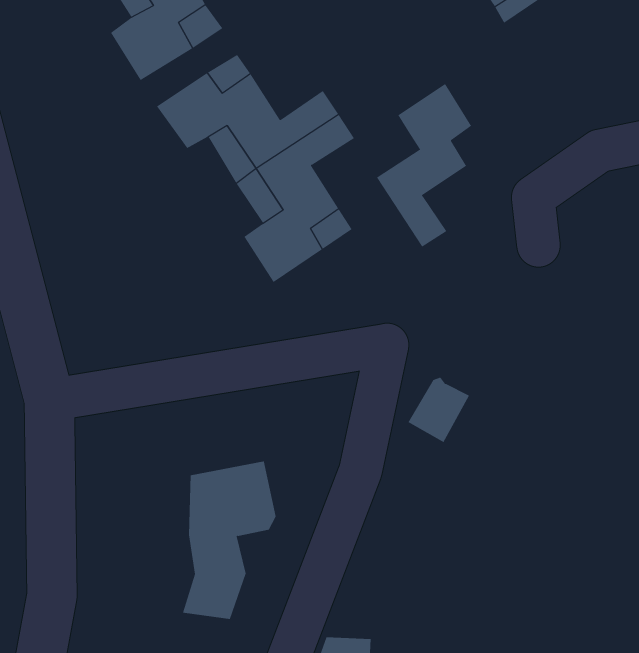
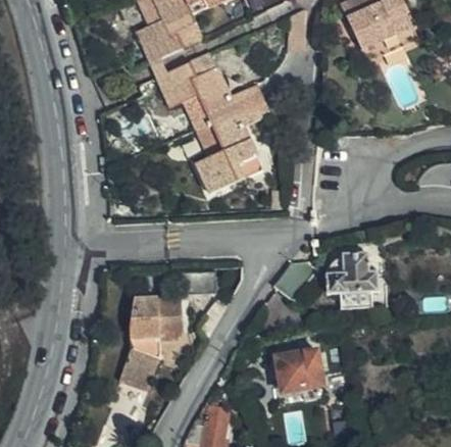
building: [376,83,472,248] -> none
building: none -> [330,250,380,291]
building: none -> [282,348,329,399]

